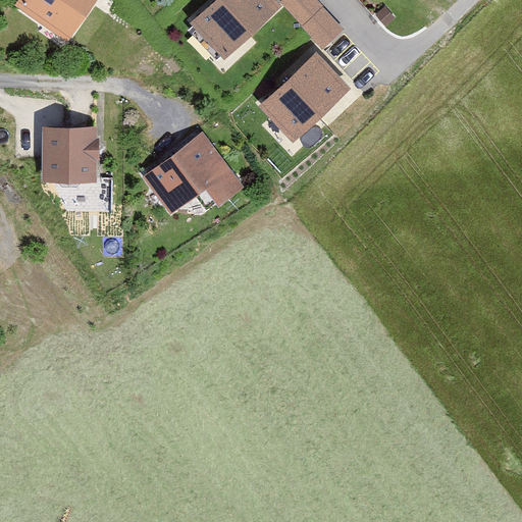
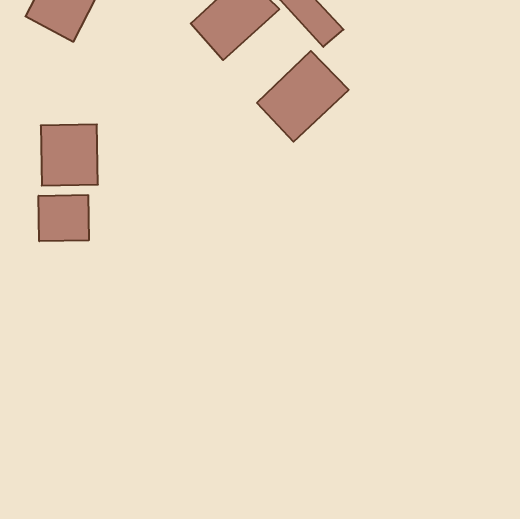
building: [141,130,244,215] -> none
building: none -> [39,195,89,241]

